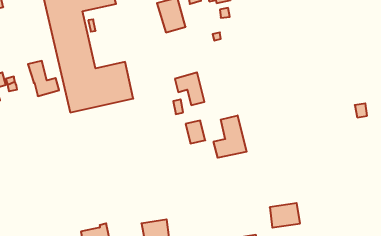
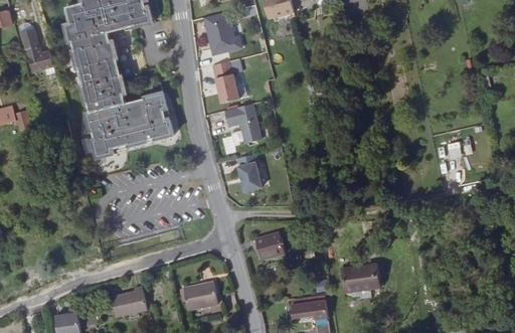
building: none -> [213,63,240,103]
building: [28,61,59,96] -> [18,26,56,69]
building: [214,115,247,158] -> none
building: none -> [253,234,283,263]

